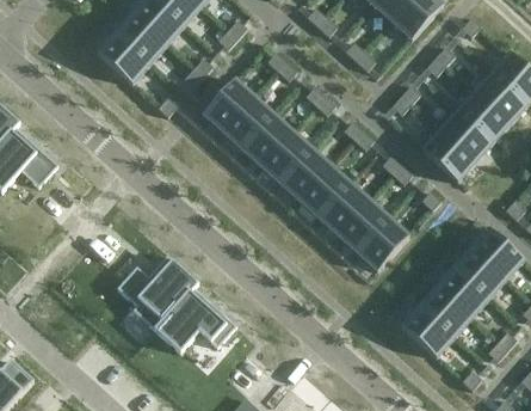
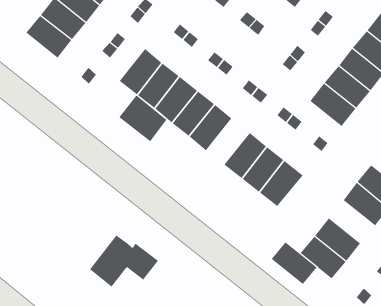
building: none -> [118,95,167,142]
building: [298,165,350,217] -> none
building: [117,254,197,330] -> none
building: [436,266,489,318] -> [271,241,318,285]

